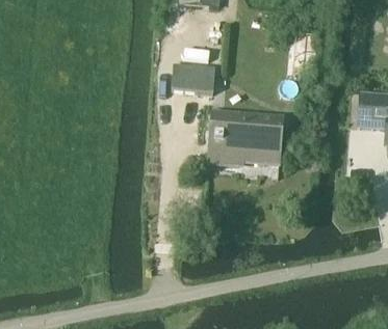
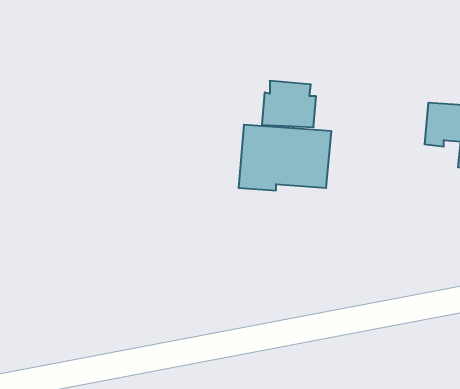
building: [172,55,215,92] -> [262,81,316,127]

